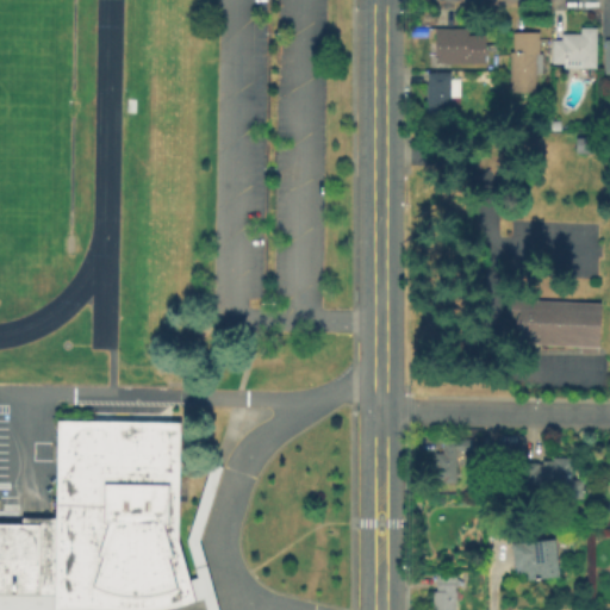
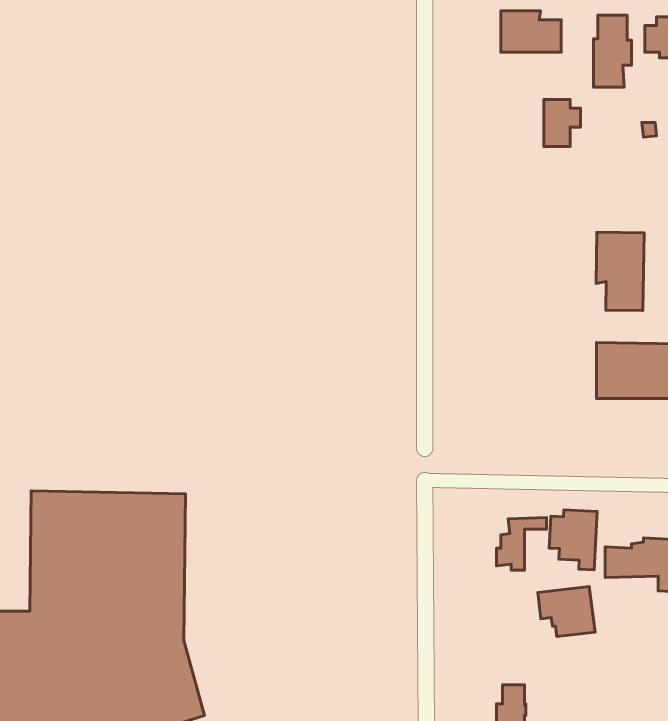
building: [430,74,460,112] -> [544,99,581,146]
building: none -> [596,232,644,311]
building: none -> [549,510,597,570]
building: [513,542,560,583] -> [538,587,595,637]

